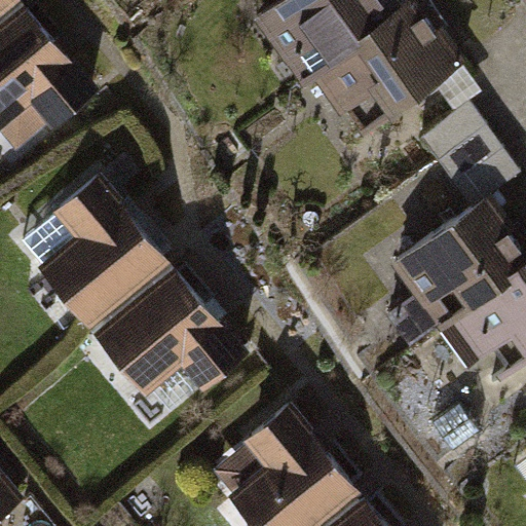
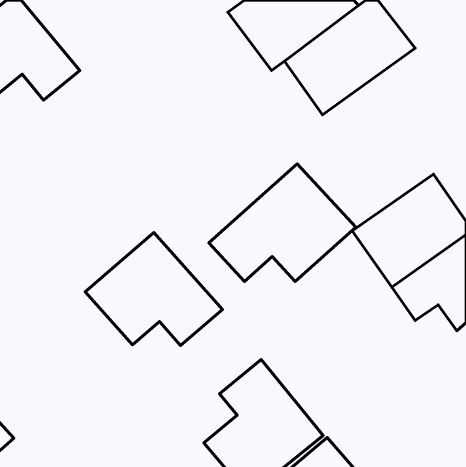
building: [419,107,513,209] -> none
building: [38,178,164,324] -> none
building: none -> [209,164,356,281]

